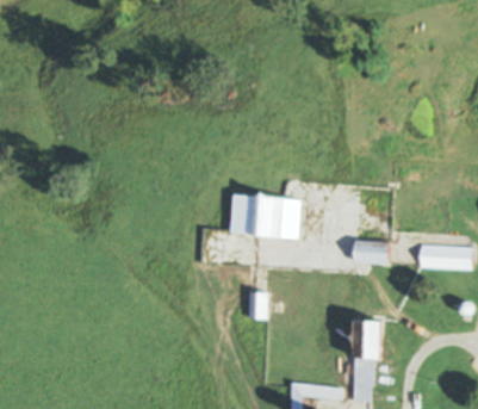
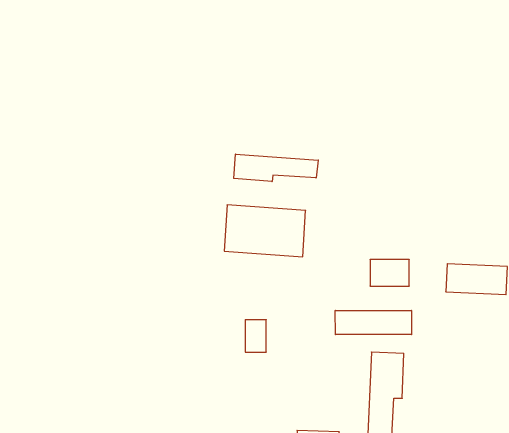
building: none -> [234,154,318,182]
building: none -> [335,310,412,335]

